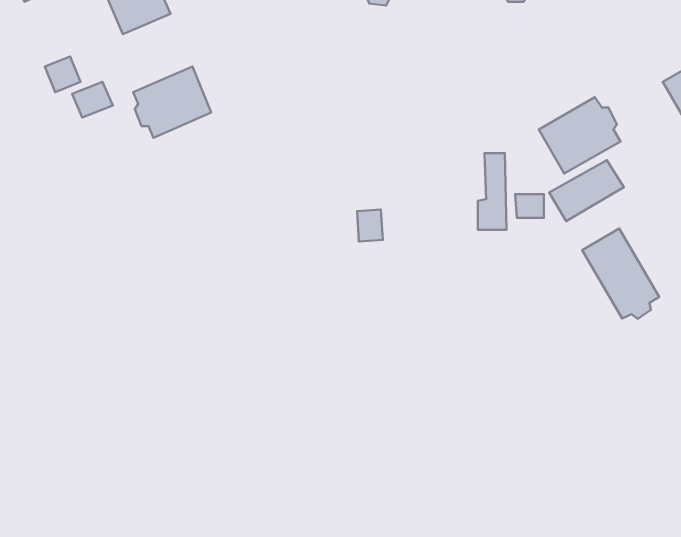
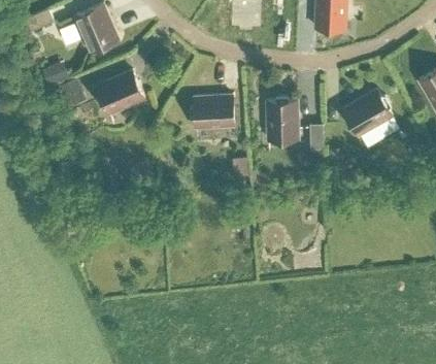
building: none -> [193,95,234,128]
building: none -> [266,97,298,140]
building: [582,228,659,319] -> none

